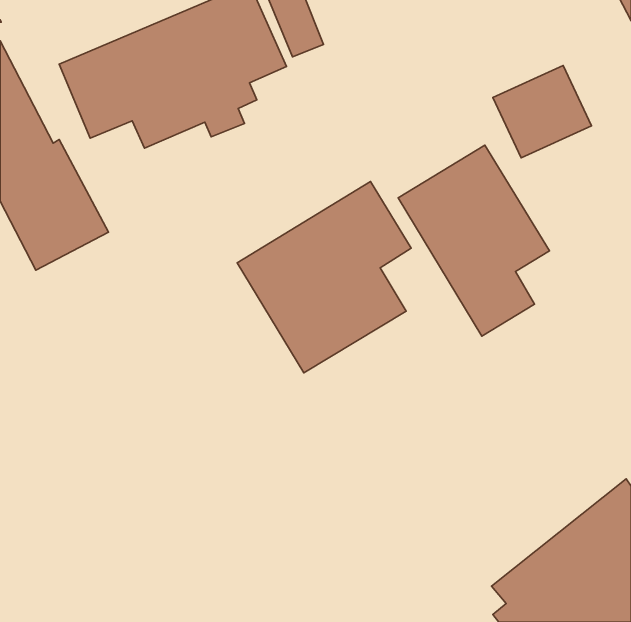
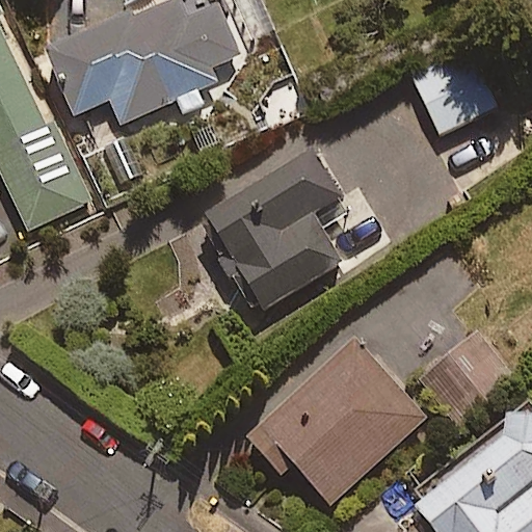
building: [398,145,549,336] -> none
building: none -> [249,347,422,505]

